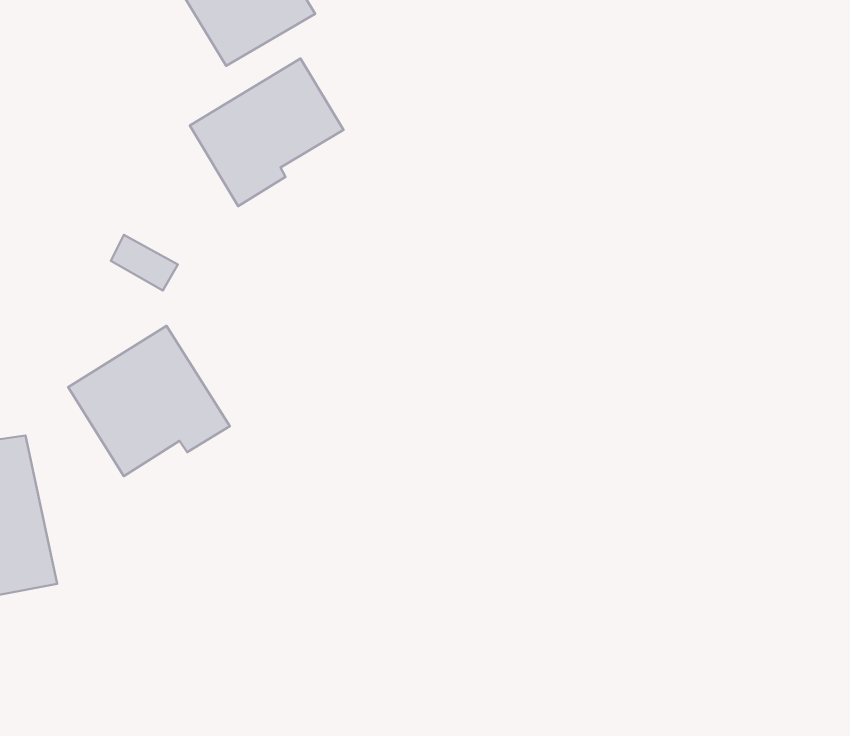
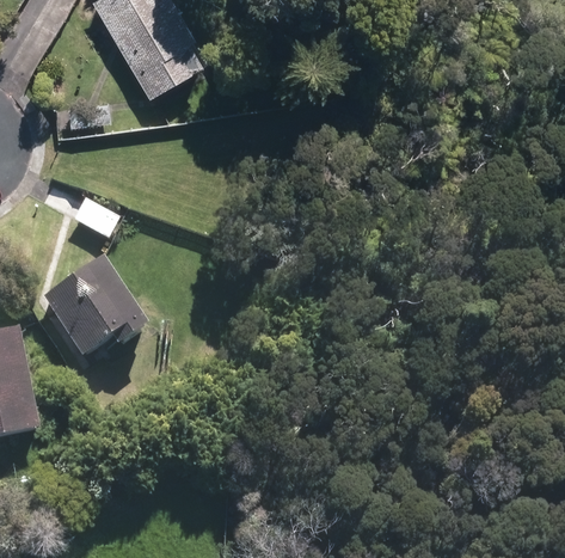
building: [190,59,344,206] -> none

